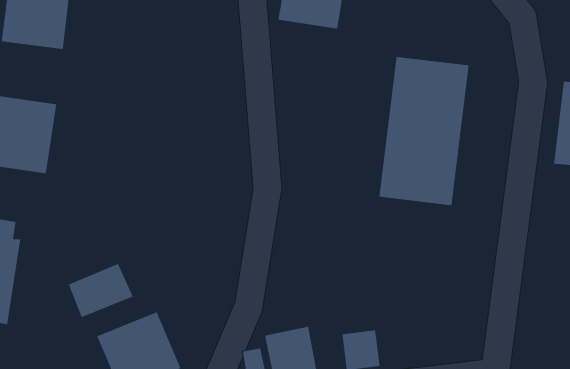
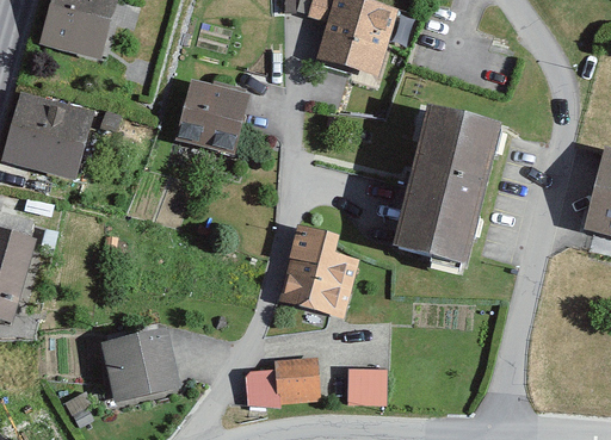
building: none -> [175,80,247,155]
building: none -> [282,225,359,316]
building: [68,263,134,318] -> none

